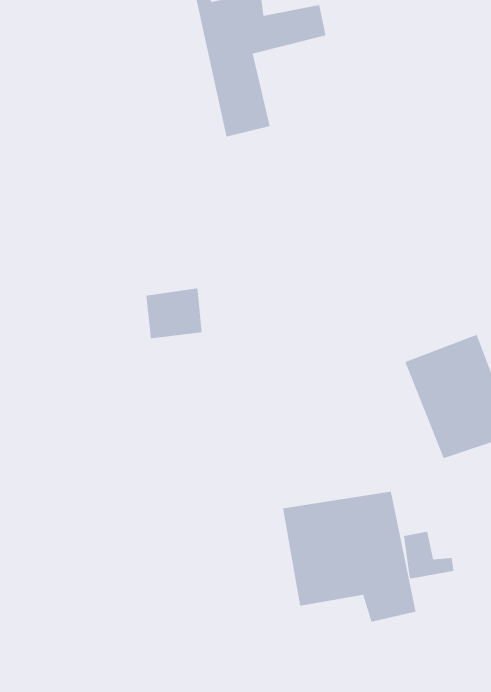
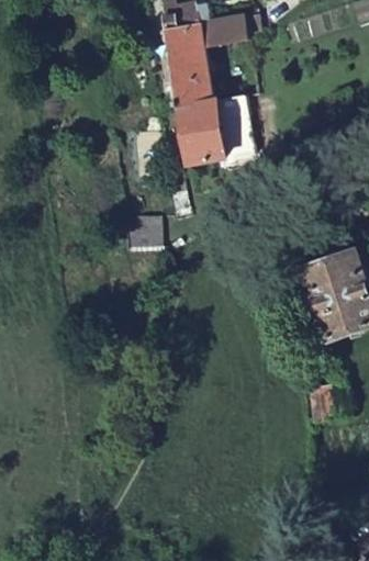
building: none -> [177,96,249,167]
building: [283,491,416,622] -> none

